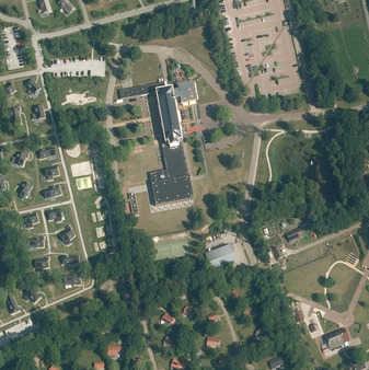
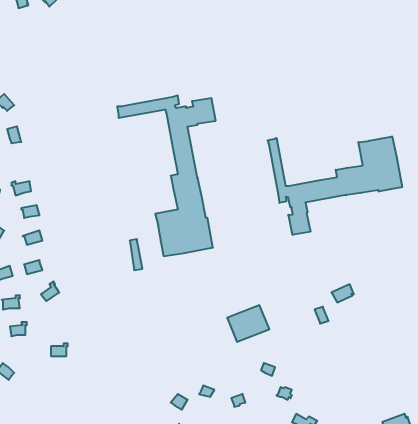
building: none -> [268,136,402,235]

